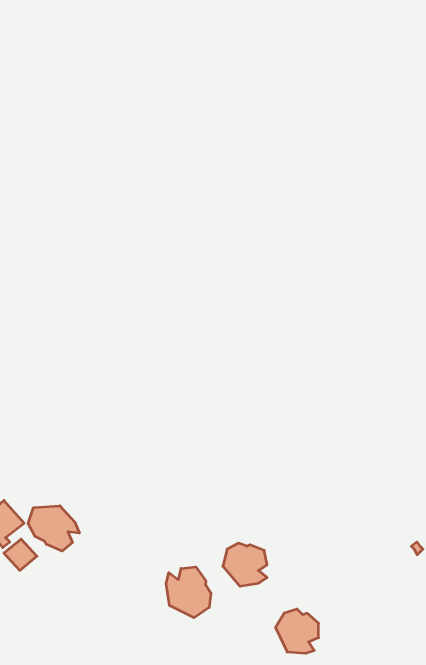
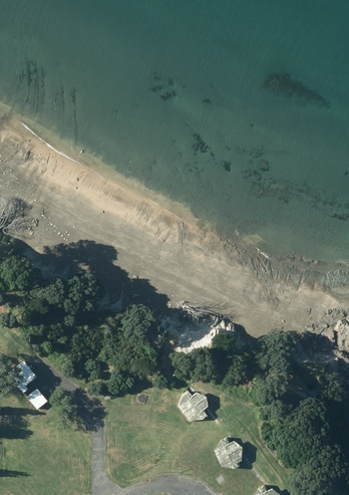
building: [28,506,79,551] -> none
building: [166,567,211,618] -> none

